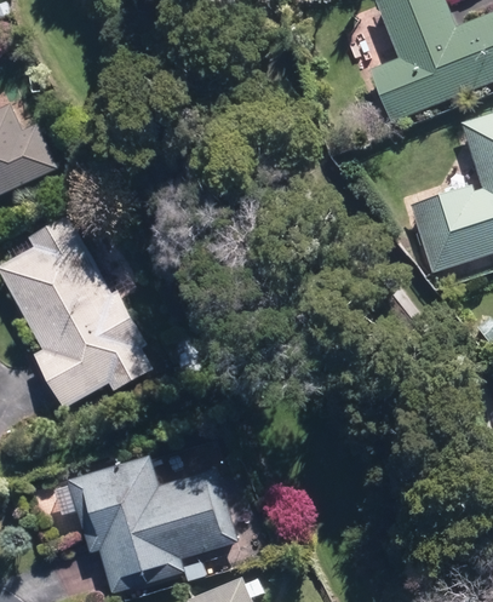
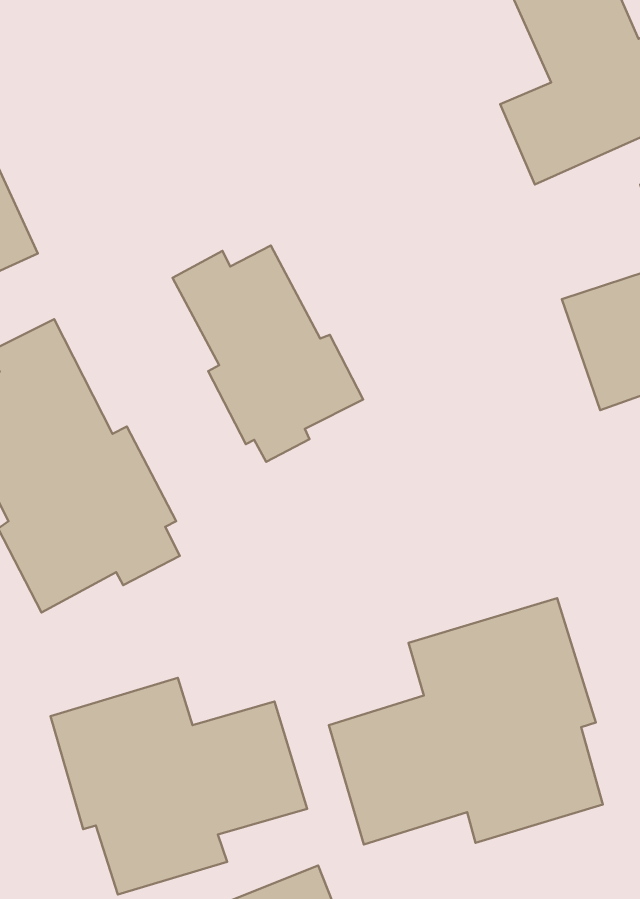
building: none -> [173,245,363,462]
building: none -> [329,598,603,844]

